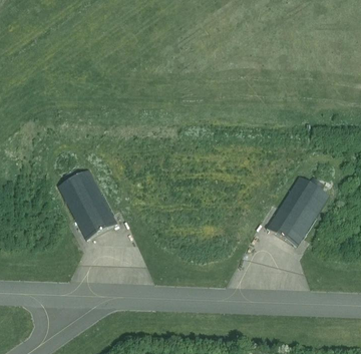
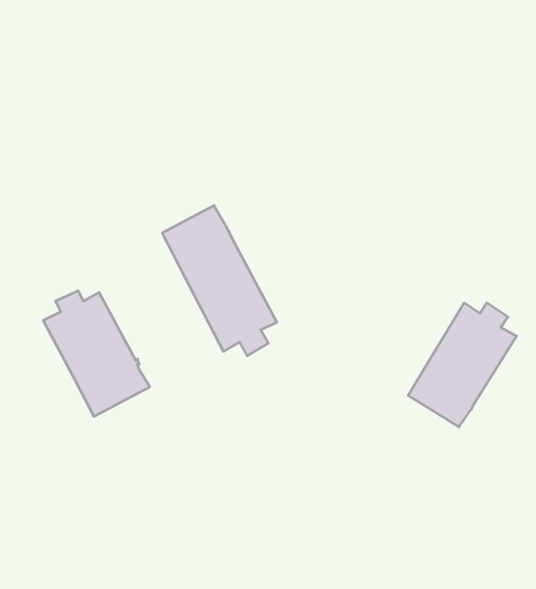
building: none -> [162,205,277,356]

